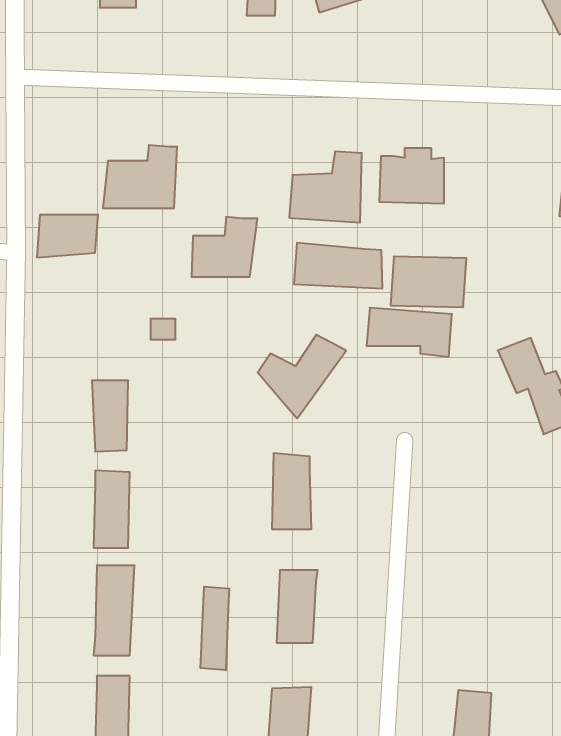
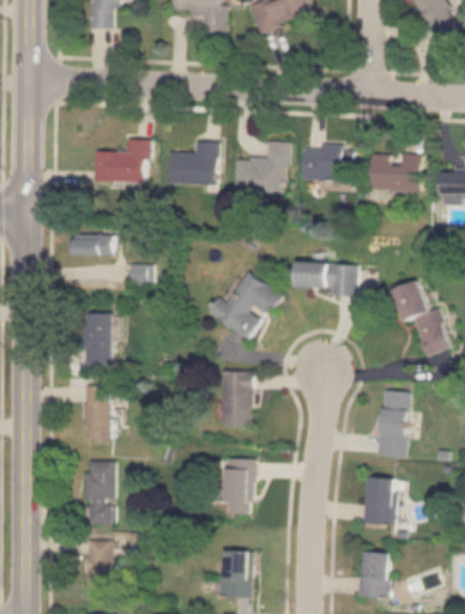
building: [37,215,98,257] -> [67,229,114,261]
building: [191,217,258,277] -> [169,137,219,182]
building: [294,243,382,289] -> none
building: [391,256,466,307] -> [369,151,427,189]
building: none -> [378,387,409,456]
building: [201,587,229,670] -> none
building: none -> [362,472,394,524]

